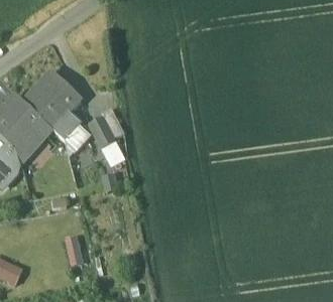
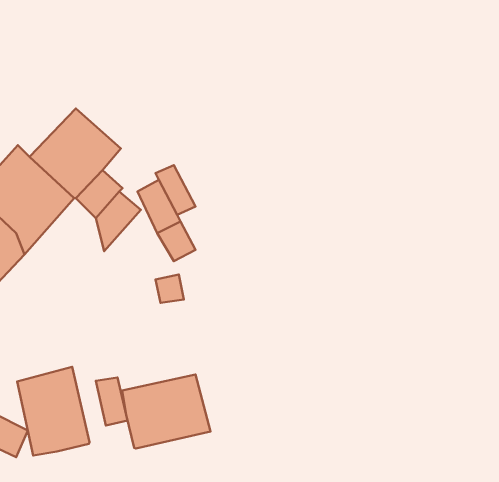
building: none -> [17,367,90,455]
building: none -> [122,375,210,449]

